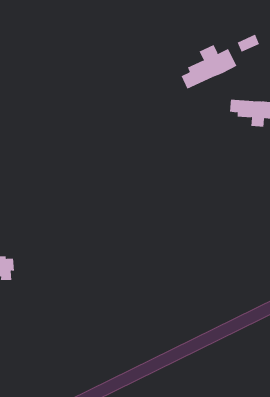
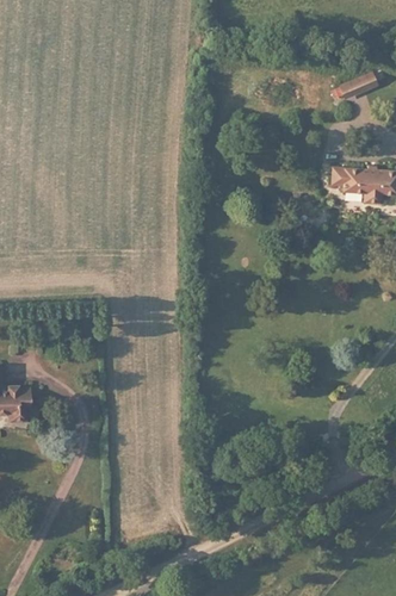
building: [181,44,237,90] -> none

